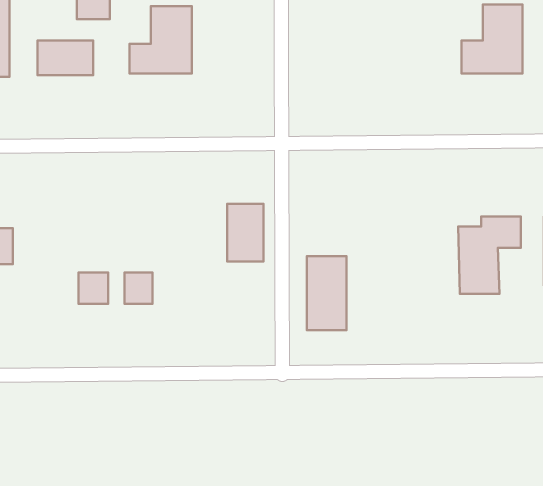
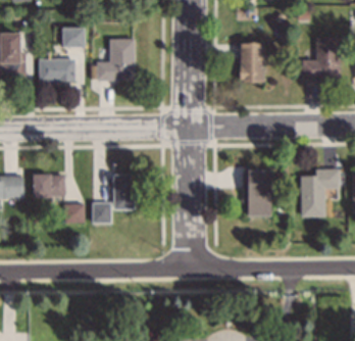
building: none -> [239,43,263,83]
building: [227,204,263,262] -> [112,175,135,210]
building: none -> [32,175,64,197]
building: [307,256,346,330] -> [247,170,271,216]

